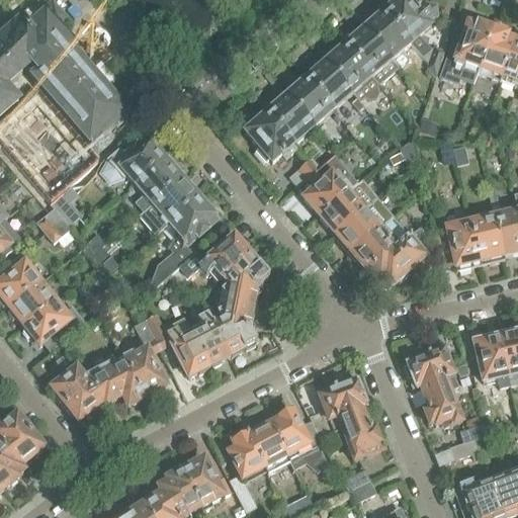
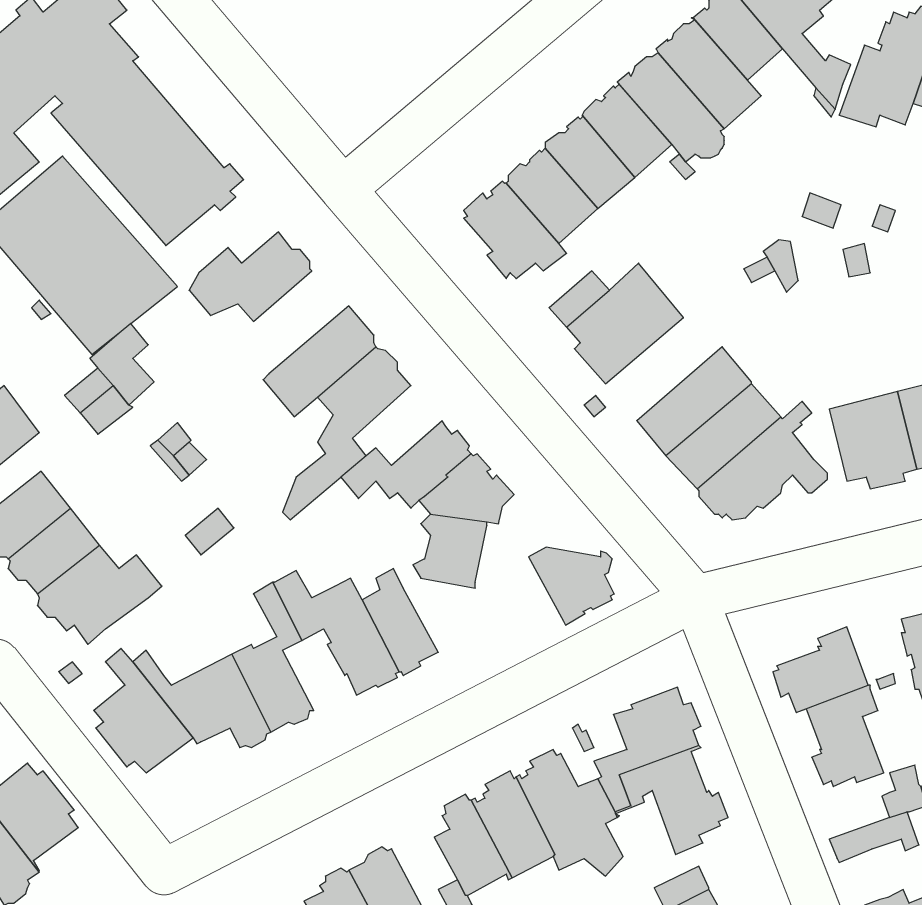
building: [135,156,184,209] -> none
building: [318,177,378,234] -> none
building: [212,316,257,356] -> [529,547,614,625]

